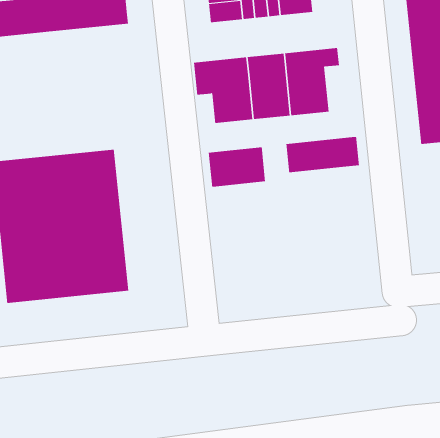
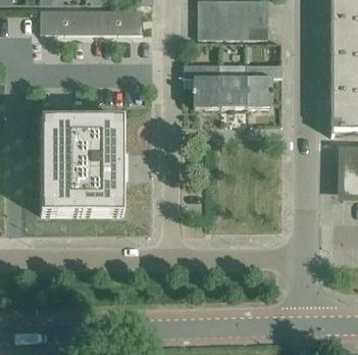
building: [286,136,360,173] -> none
building: [208,147,266,188] -> none

